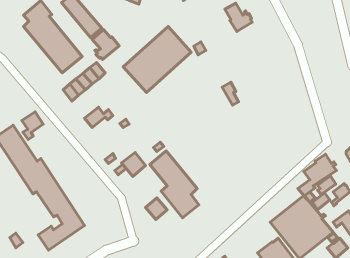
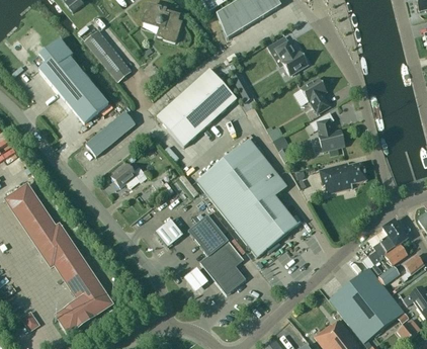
building: [92,29,119,60] -> none
building: none -> [300,76,329,112]
building: none -> [311,112,343,150]
building: none -> [196,138,297,256]
building: none -> [319,161,366,192]
building: [22,112,43,139] -> none

